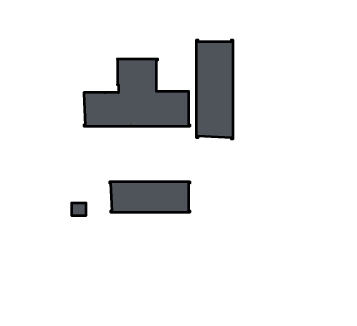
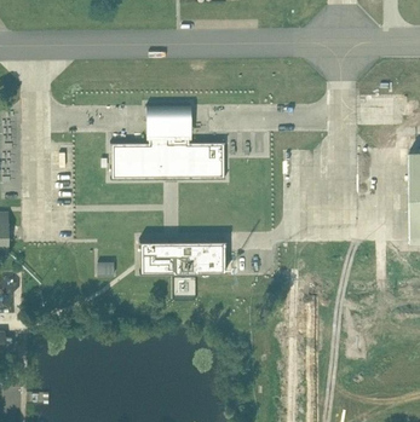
building: [197,40,233,139] -> none

